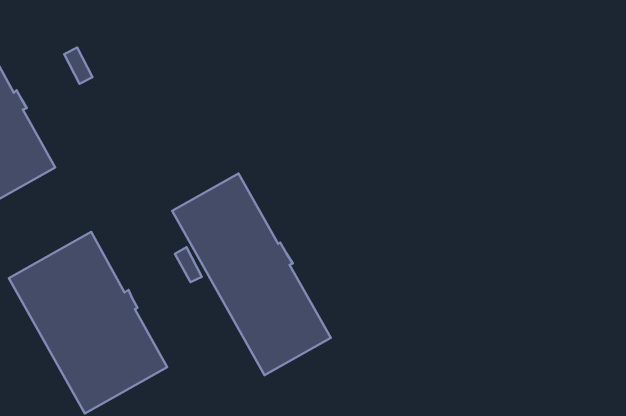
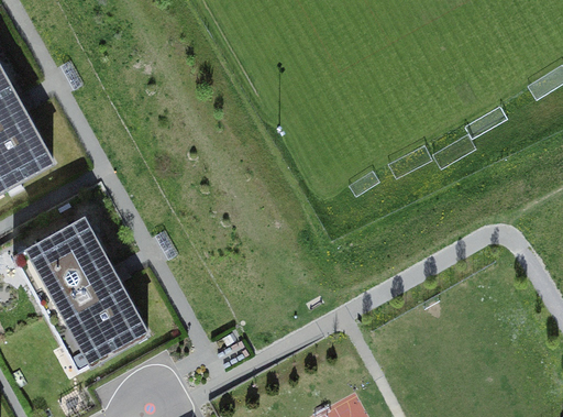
building: [172,174,331,375] -> none

